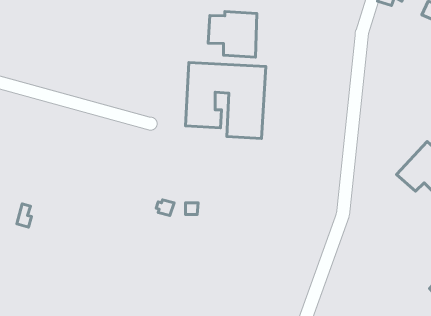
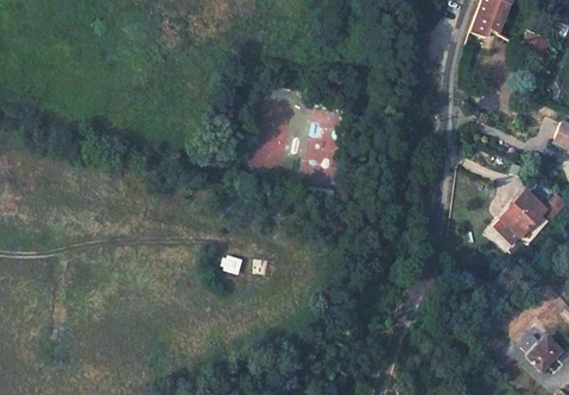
building: [208,11,257,57] -> none

